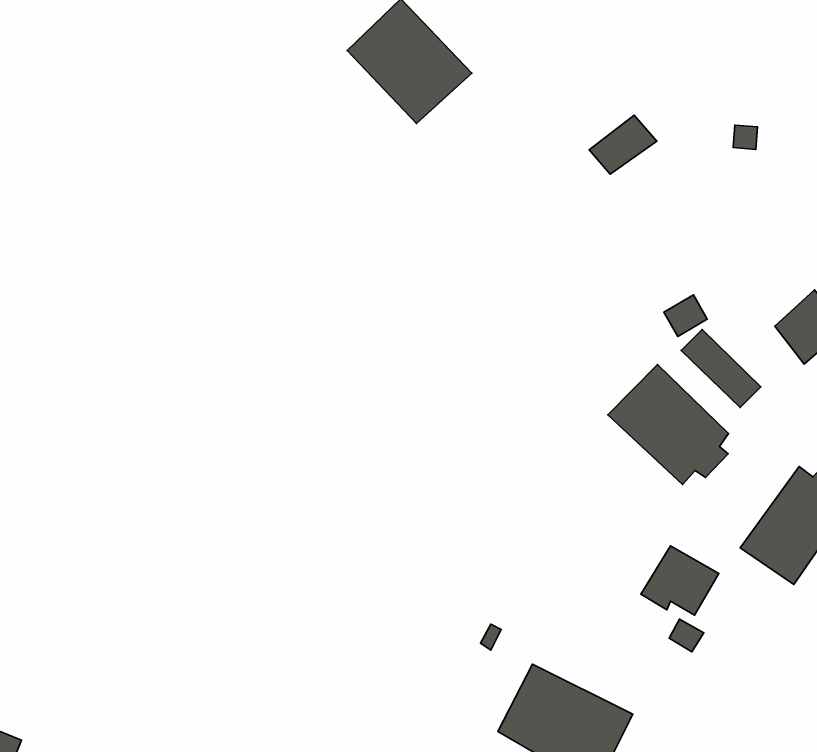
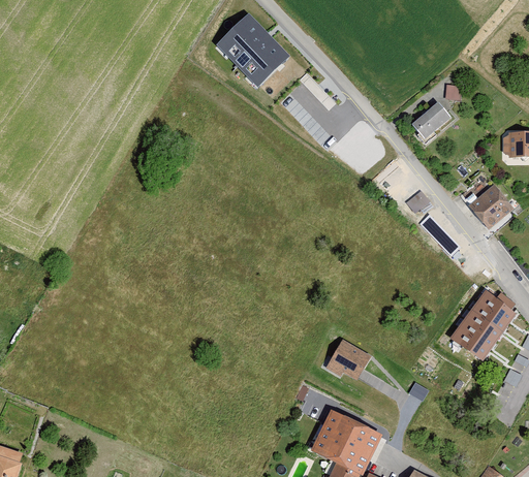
building: [589,115,657,174] -> [411,103,452,138]
building: [608,365,728,485] -> none
building: [641,546,719,615] -> [324,338,371,379]

